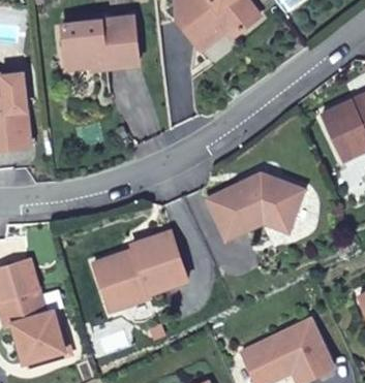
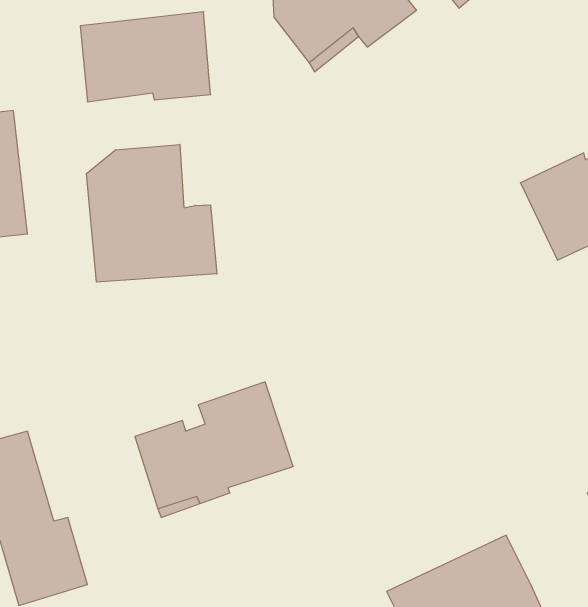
building: none -> [86,144,217,282]
building: [205,173,302,241] -> none

